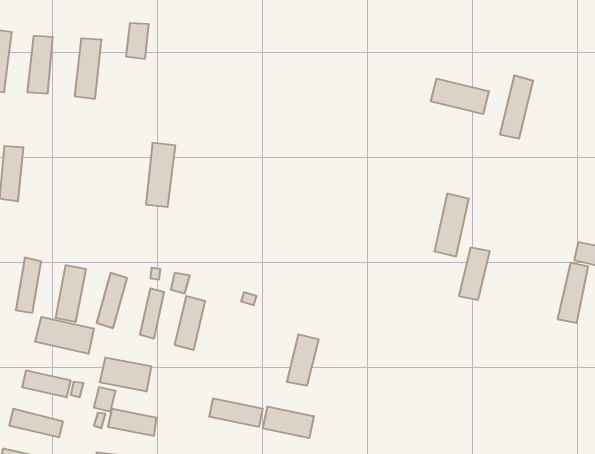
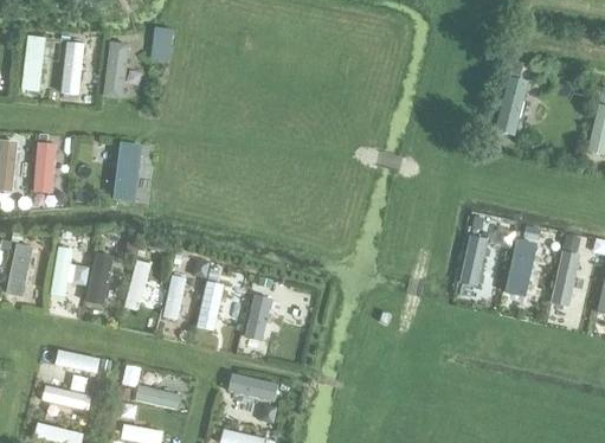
building: [431,79,489,114] -> none
building: [146,143,175,207] -> [114,143,141,203]
building: [434,194,469,256] -> [504,238,536,296]
building: [35,317,94,354] -> none
building: [287,334,319,386] -> [243,293,272,340]
building: [100,357,151,392] -> none
building: [263,406,314,438] -> none

